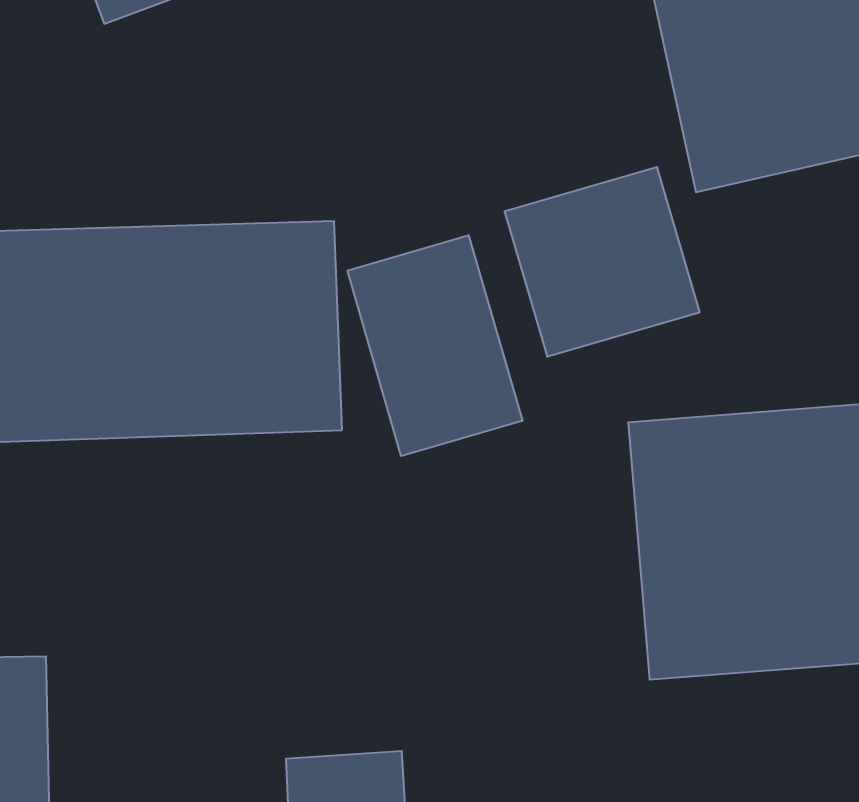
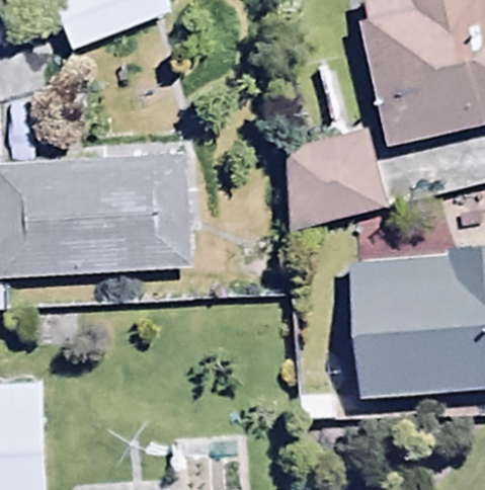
building: [348,235,522,456] -> none

